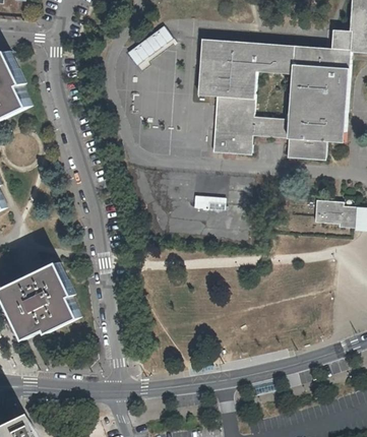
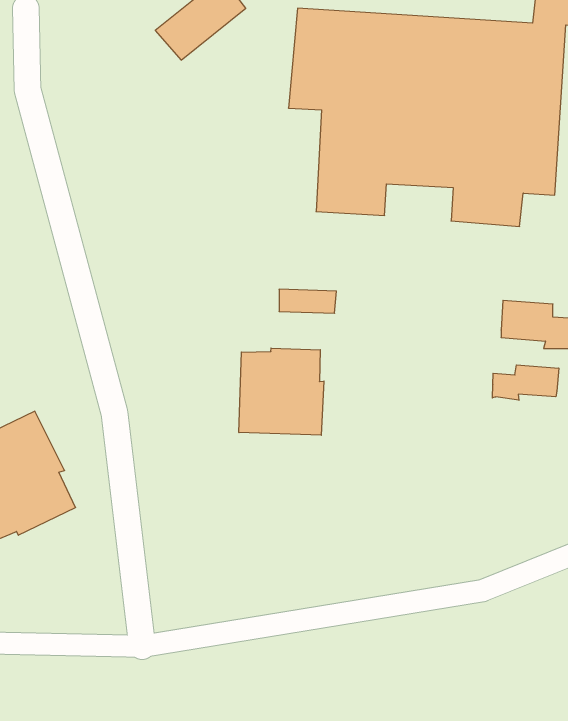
building: none -> [239,348,324,435]
building: none -> [492,365,559,400]

